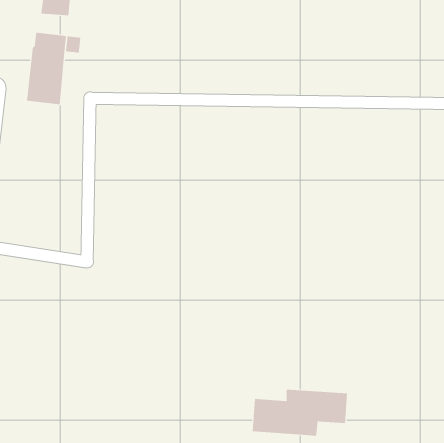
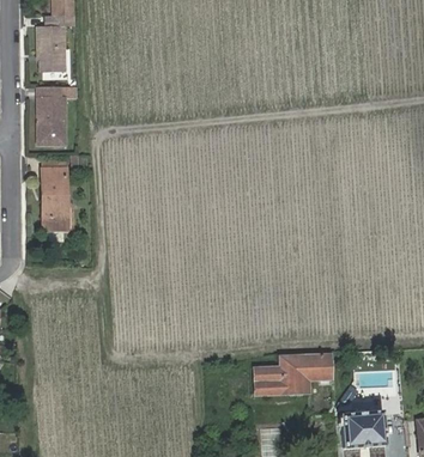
building: none -> [41,167,68,230]

